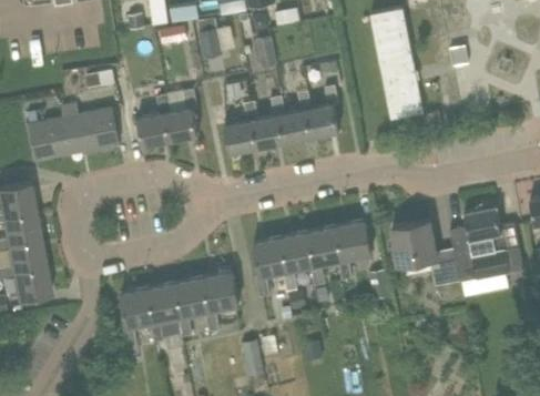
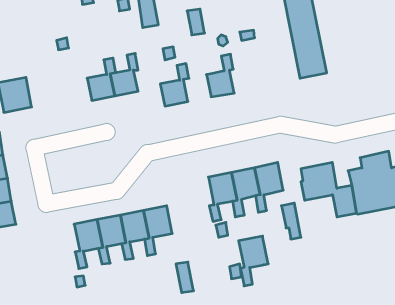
building: [307,85,339,138] -> none
building: [252,95,285,148] -> none
building: [61,104,119,154] -> none
building: [253,238,288,298] -> [239,236,268,286]

